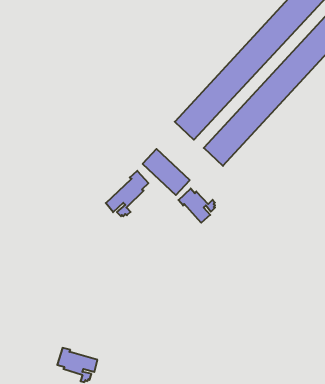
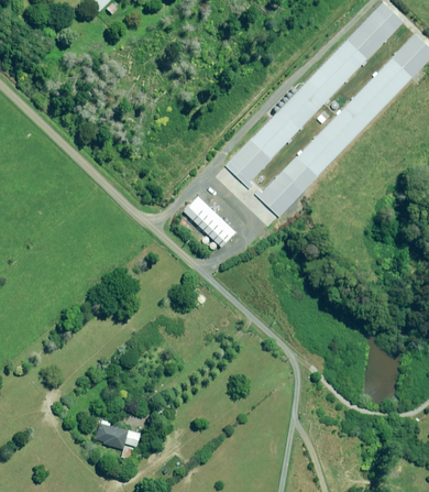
building: [106,171,148,216] -> none
building: [178,188,215,223] -> none

